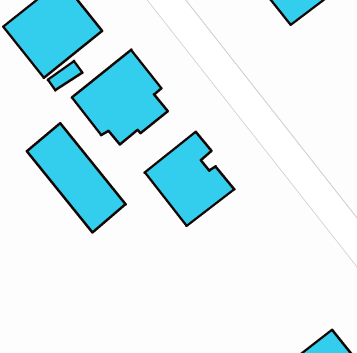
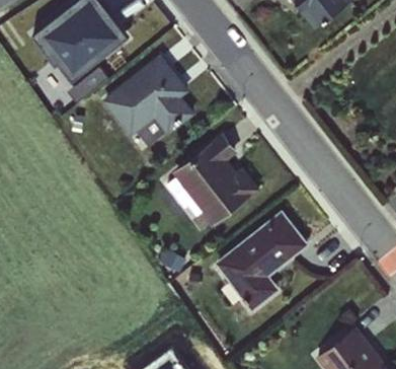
building: [27,123,126,232] -> none
building: none -> [213,210,309,312]

